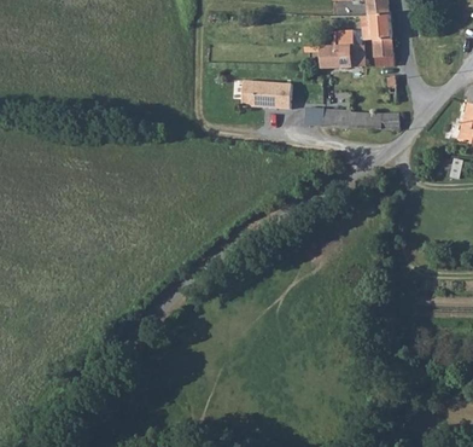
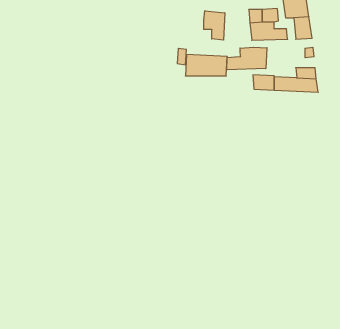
building: none -> [204,11,225,40]
building: none -> [227,47,267,70]

